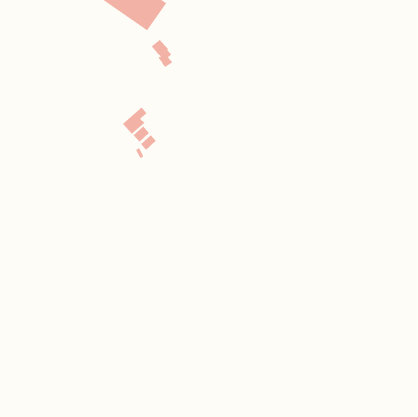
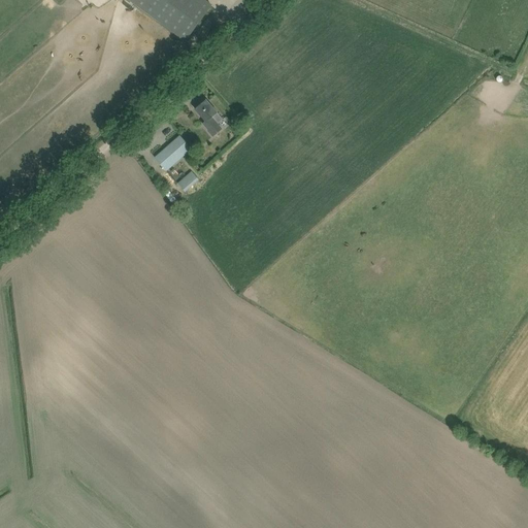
building: [151,39,173,68] -> [194,98,222,134]

